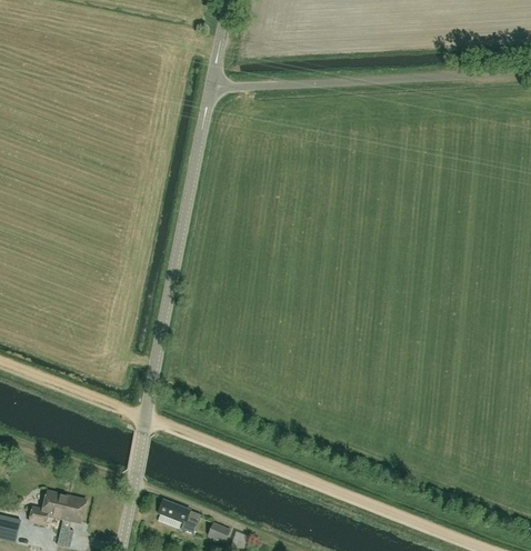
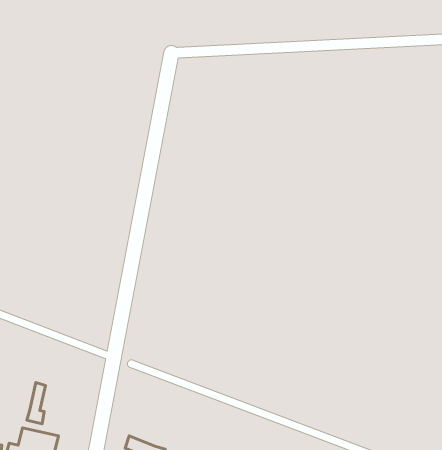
building: none -> [27,383,46,424]

